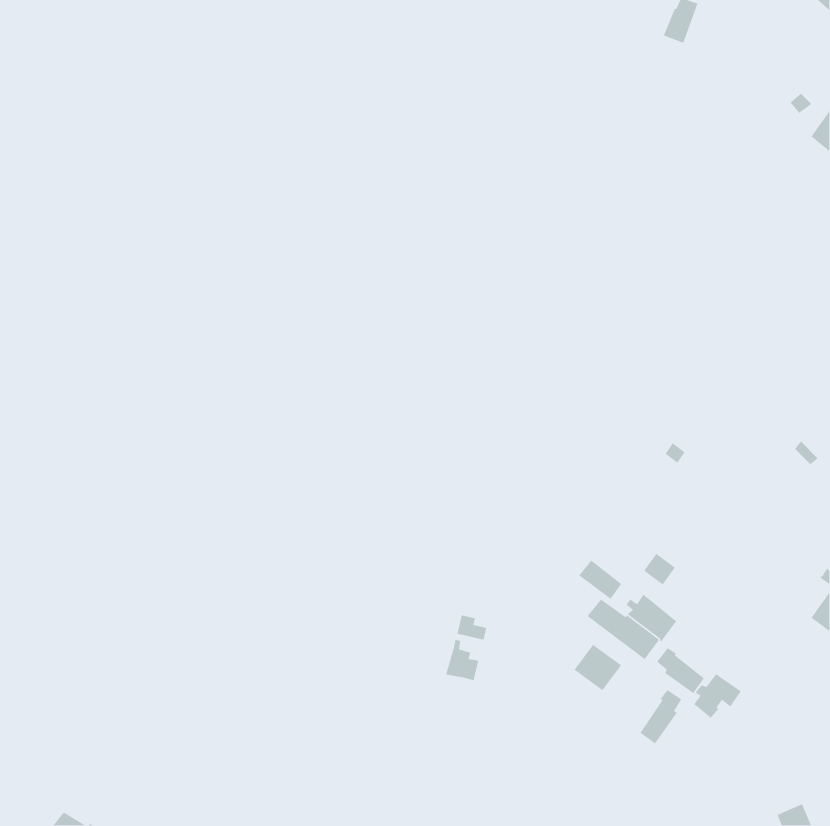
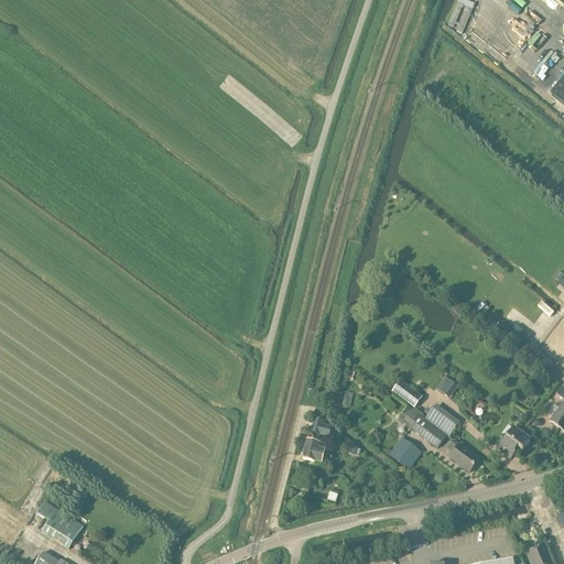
building: [693,673,742,719] -> [498,426,531,457]
building: [640,689,682,744] -> none
building: none -> [37,499,84,547]

